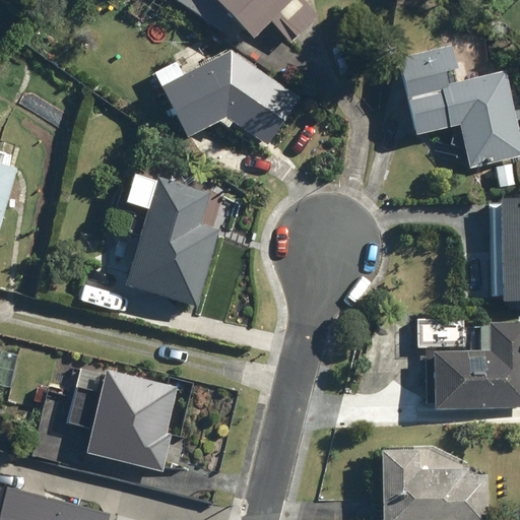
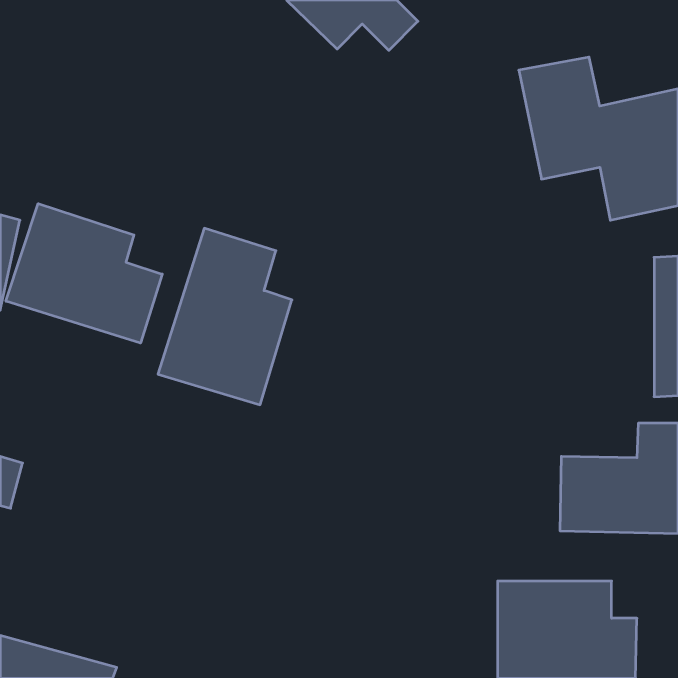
building: [158,52,307,147] -> none
building: none -> [6,204,162,343]
building: [69,366,185,473] -> none

